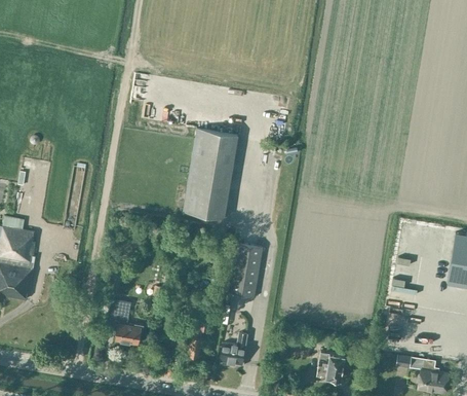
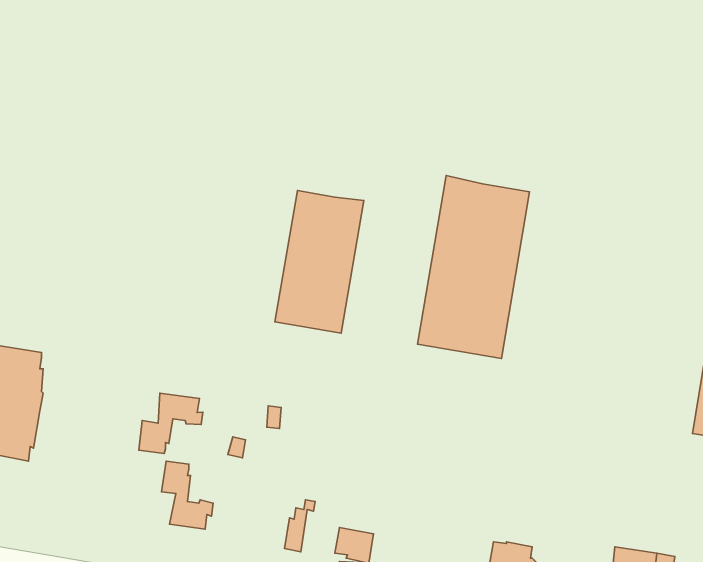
building: none -> [417,176,530,359]
building: [229,243,263,298] -> none
building: none -> [139,393,203,453]

